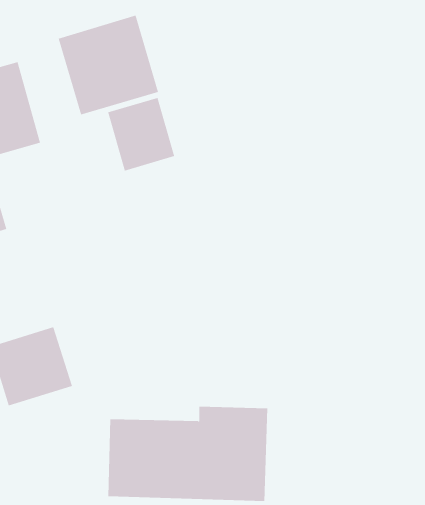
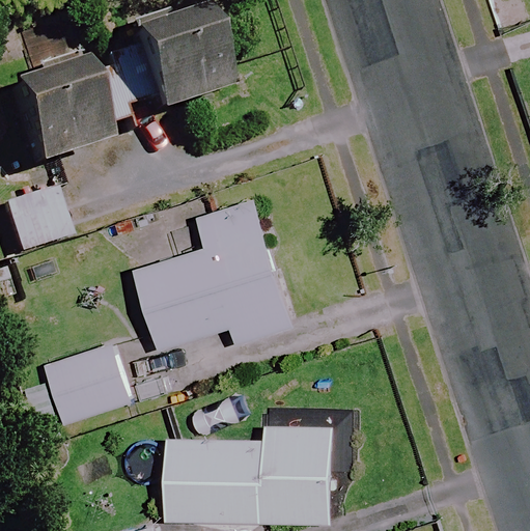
building: [107,97,175,171] -> none
building: none -> [135,200,294,348]

